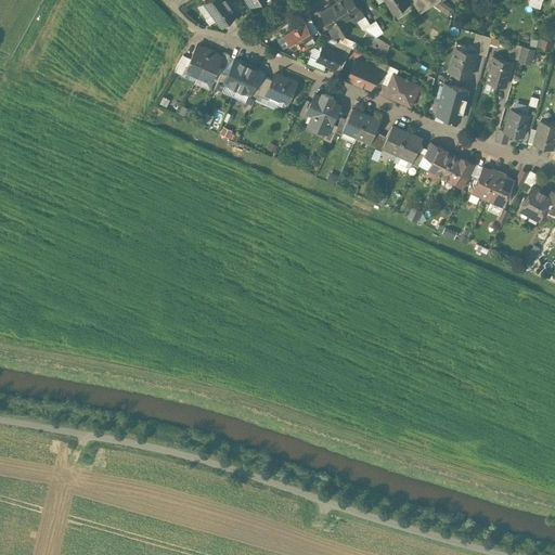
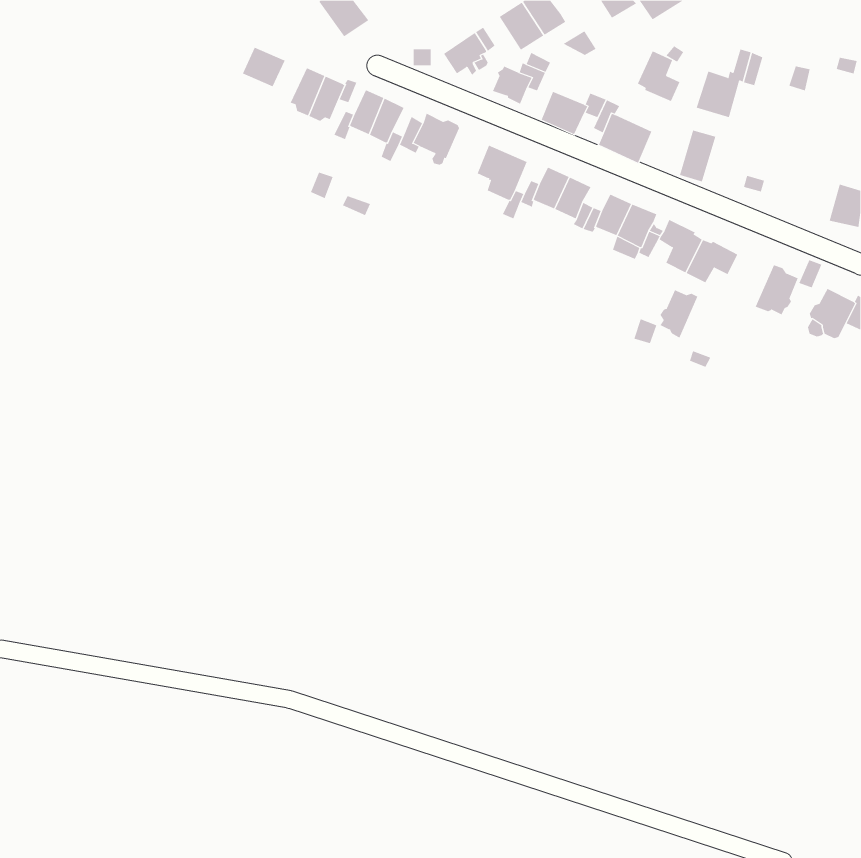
building: none -> [242,47,285,87]
building: none -> [637,50,680,102]
building: [487,57,512,87] -> none
building: [504,111,528,137] -> none
building: [473,168,498,199] -> [660,290,698,339]

